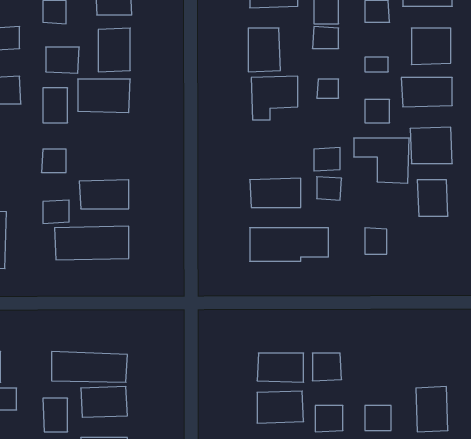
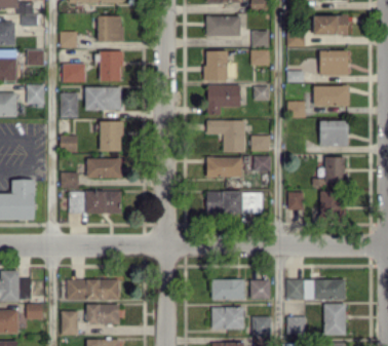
building: none -> [100,121,122,151]
building: [354,138,409,183] -> [206,120,245,152]
building: none -> [319,190,345,218]
building: none -> [286,278,346,300]

